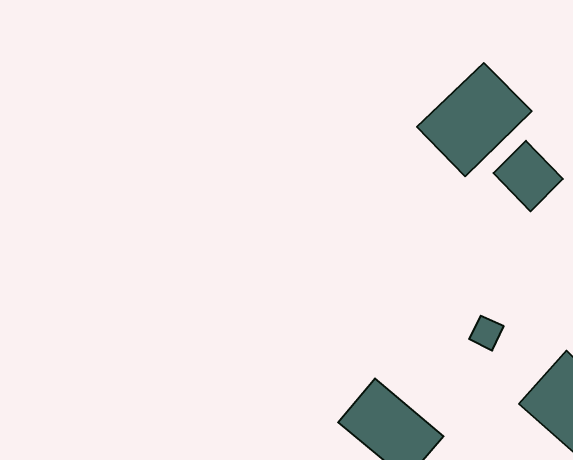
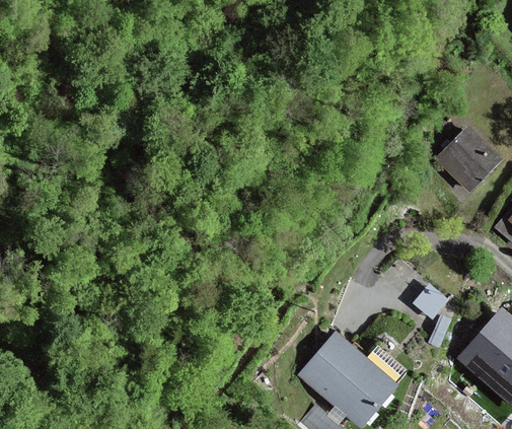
building: [417,63,532,176] -> none

